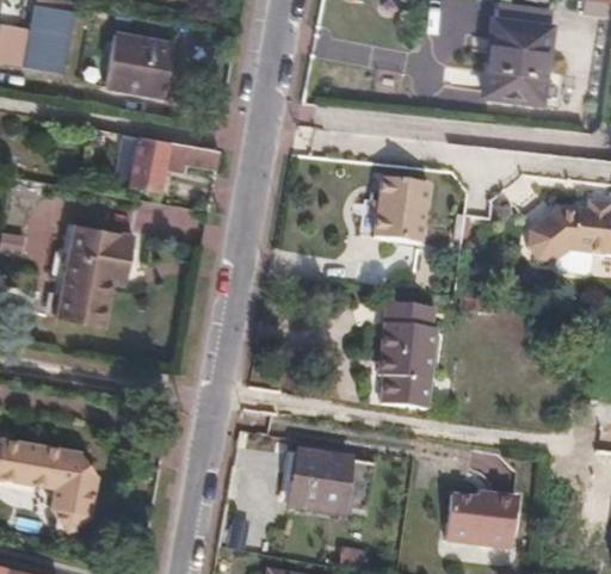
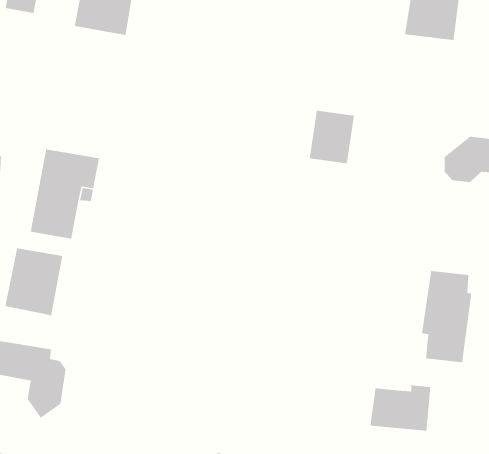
building: [88,126,218,191] -> none
building: [378,302,437,408] -> [421,270,472,363]
building: none -> [5,247,63,316]
building: [290,450,371,513] -> none

